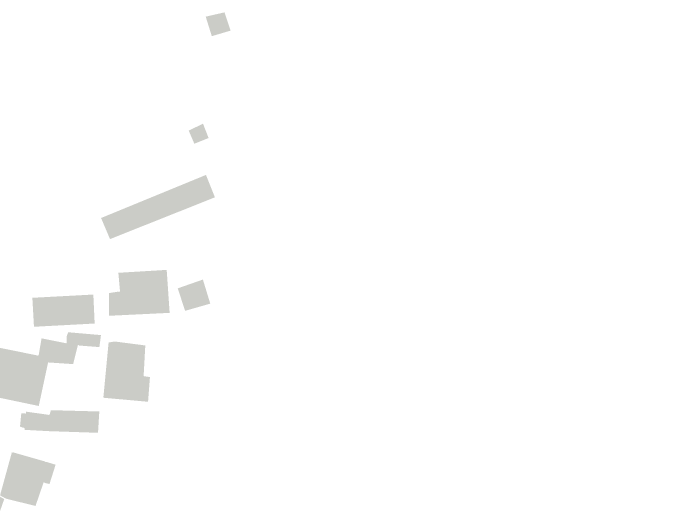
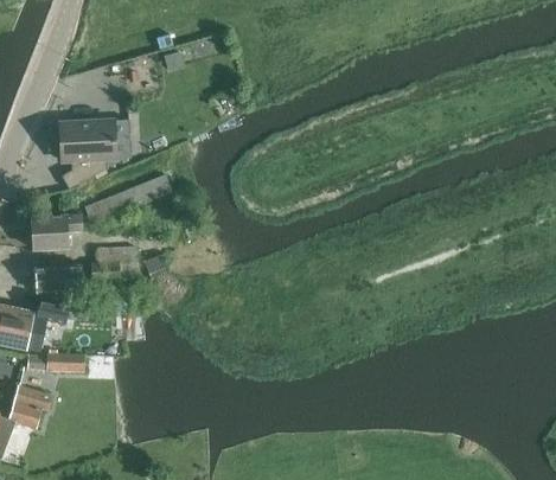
building: none -> [58,121,115,190]
building: none -> [30,216,82,249]
building: [103,341,150,403] -> none

